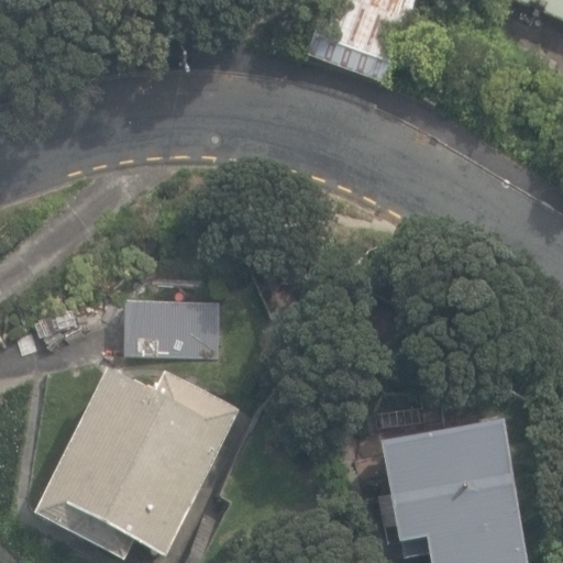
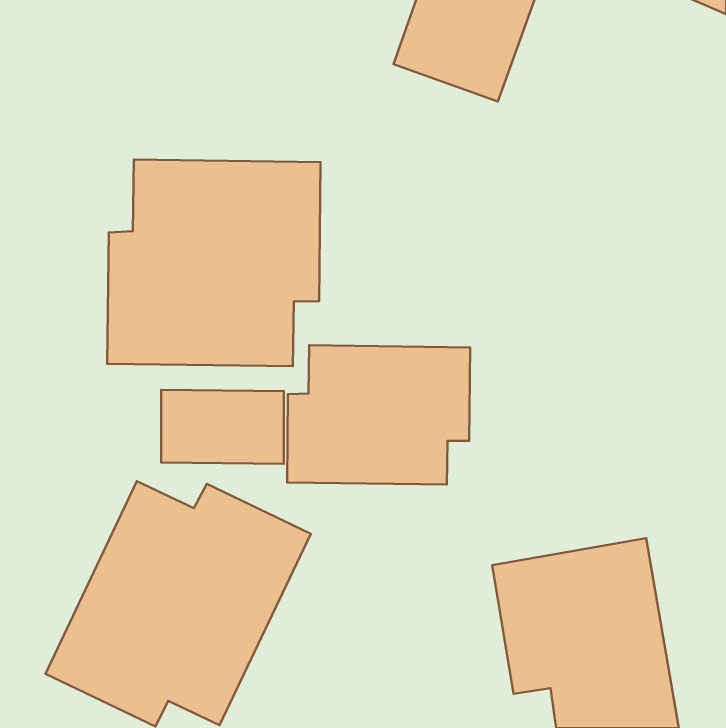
building: none -> [107,159,320,366]
building: none -> [287,345,470,484]

